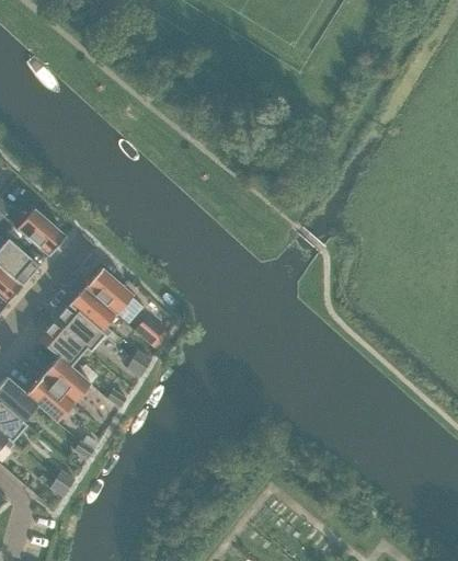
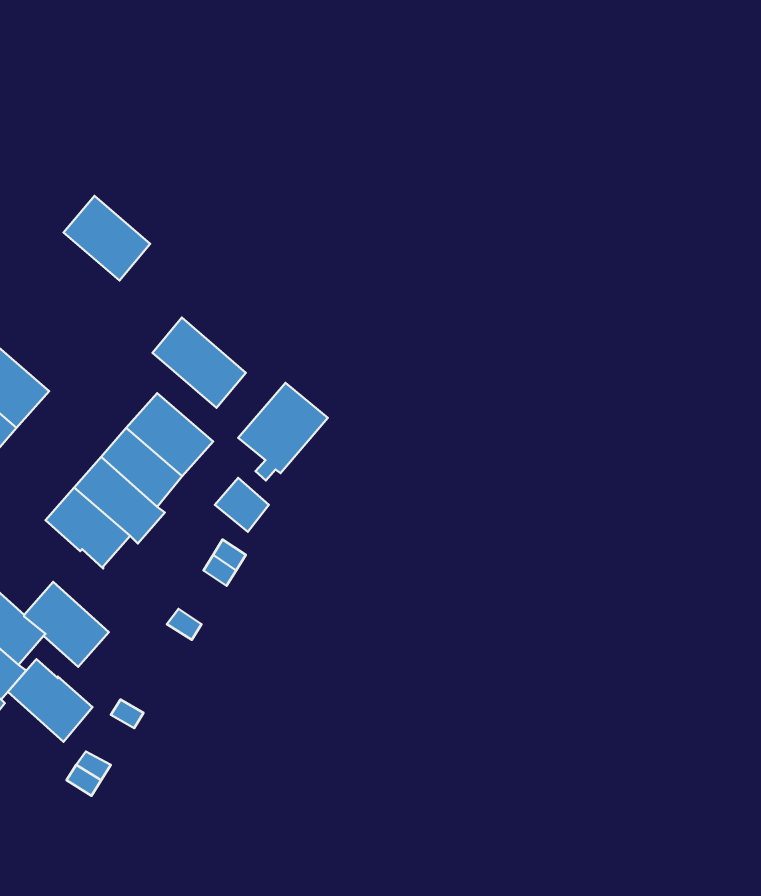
building: [16,208,66,256] -> [64,196,150,280]
building: none -> [153,318,246,408]
building: none -> [238,383,328,481]
building: [42,356,90,403] -> [8,659,93,742]

